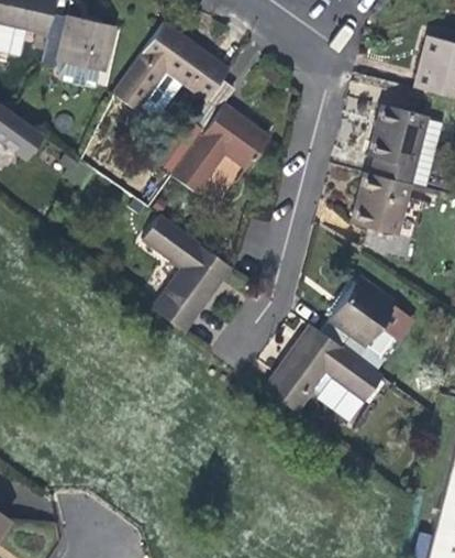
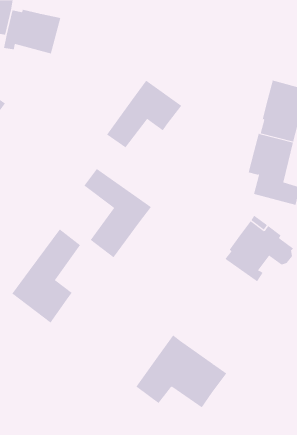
building: [112,22,235,130] -> none
building: none -> [11,229,81,323]
building: [266,325,382,418] -> [136,335,227,408]

